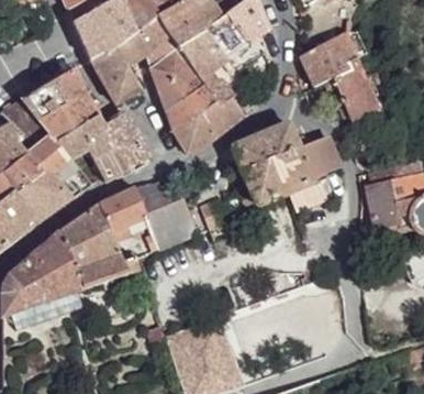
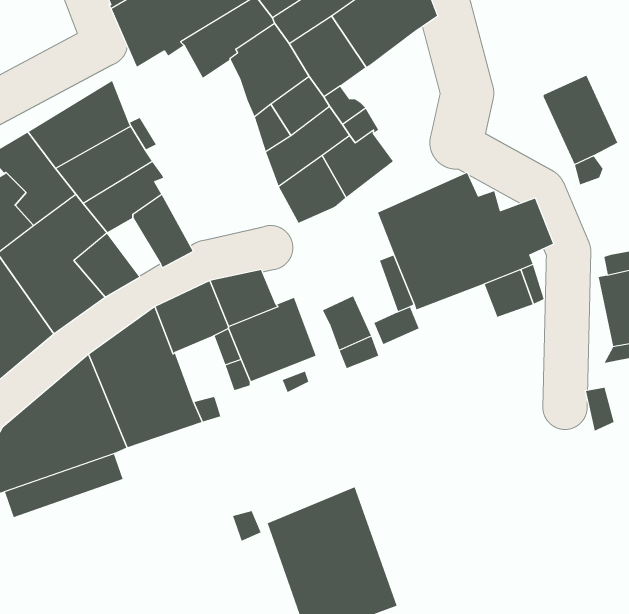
building: [299,30,358,85] -> none
building: [89,45,143,105] -> none
building: [100,111,148,168] -> none

